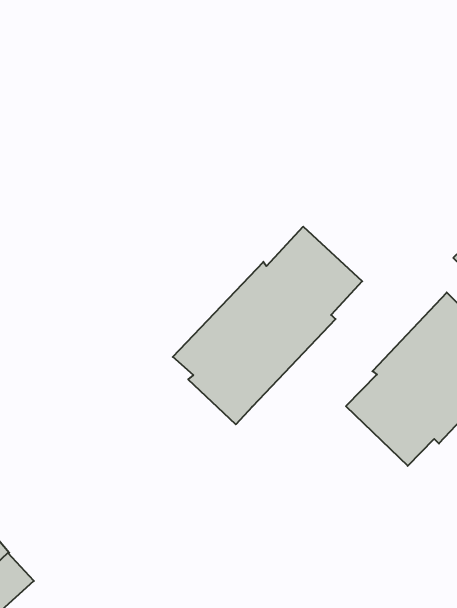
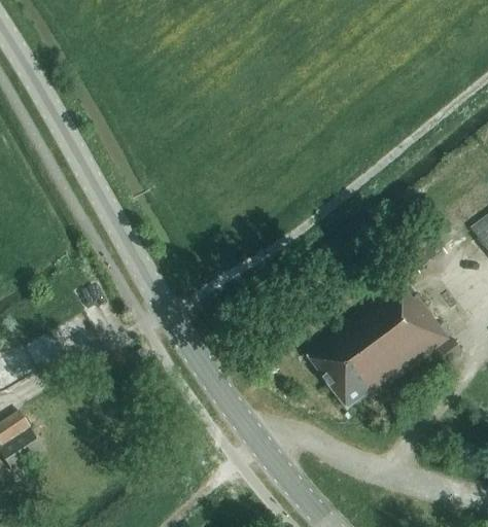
building: [173,227,362,424] -> none

